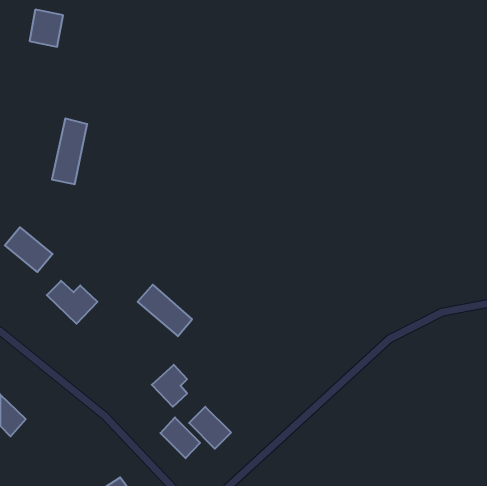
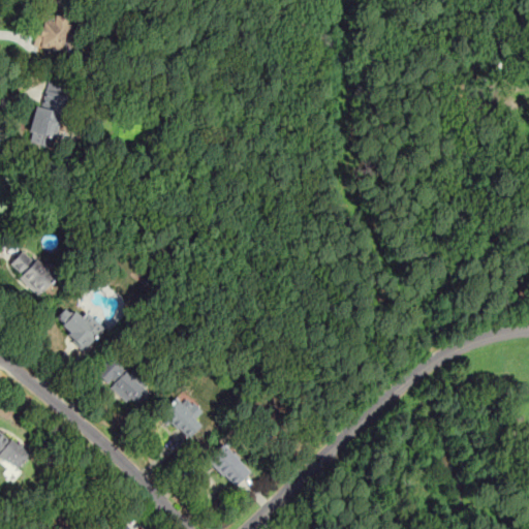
building: [52,118,87,184] -> [29,79,67,150]
building: [138,285,192,336] -> [95,354,154,410]
building: [160,417,200,458] -> none

